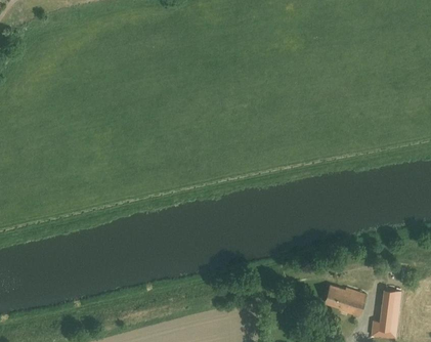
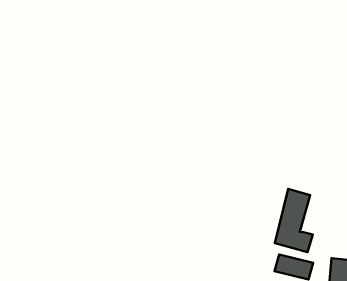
building: none -> [275,189,313,252]

